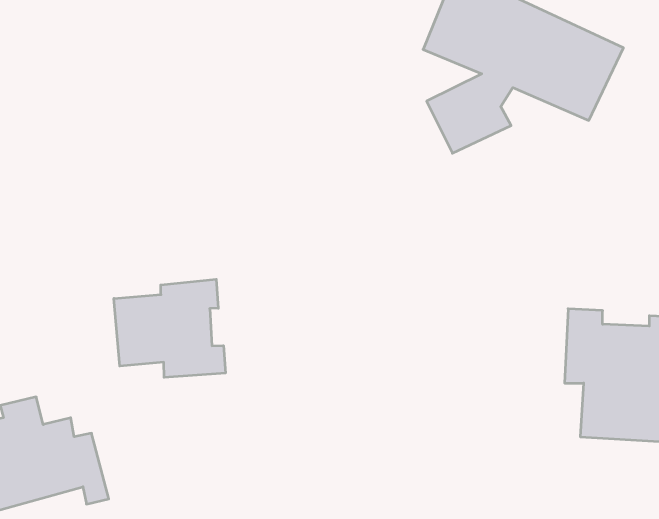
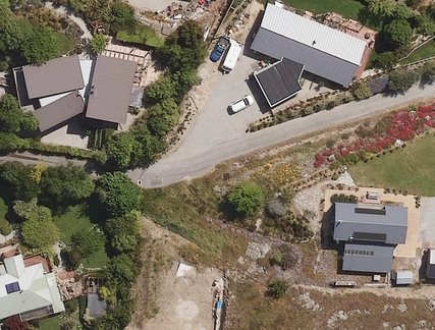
building: none -> [21,53,143,133]
building: [114,279,225,377] -> none

